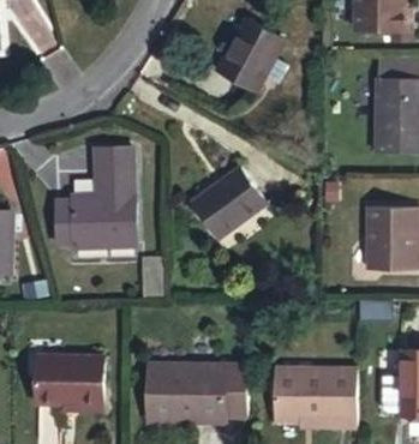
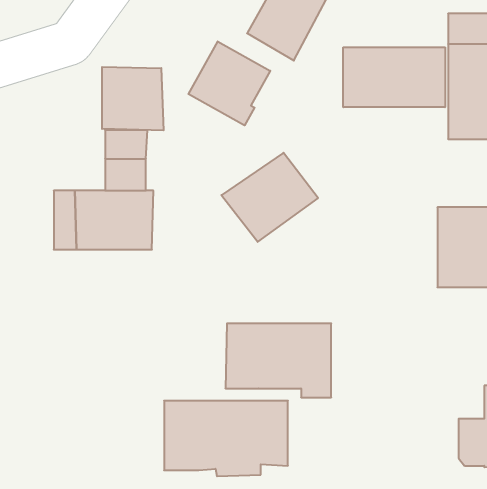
building: none -> [188,41,270,125]
building: none -> [343,47,445,107]
building: none -> [102,67,164,130]
building: [37,349,104,396] -> none
building: [274,370,358,428] -> [225,323,331,397]

